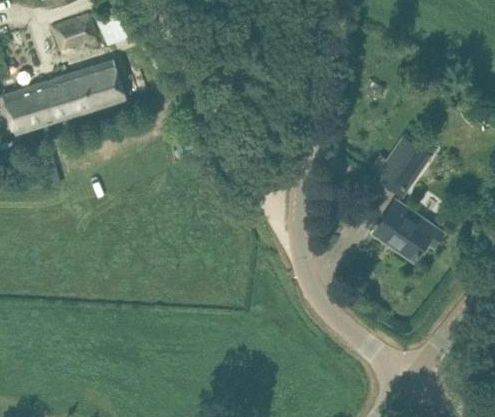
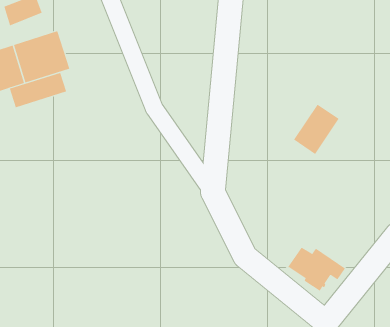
building: none -> [9,72,67,108]
building: [374,210,441,260] -> [286,247,346,292]

